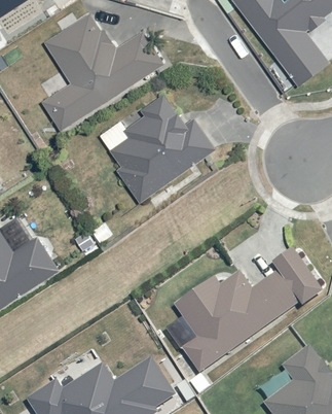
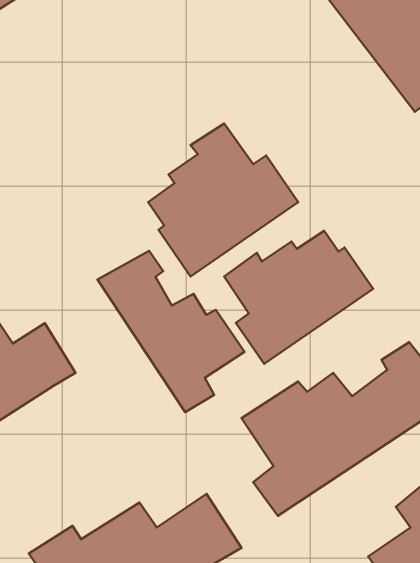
building: [42,14,163,129] -> none
building: none -> [224,231,373,364]
building: none -> [97,251,244,412]

